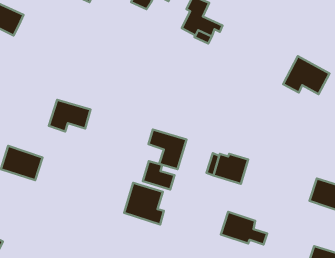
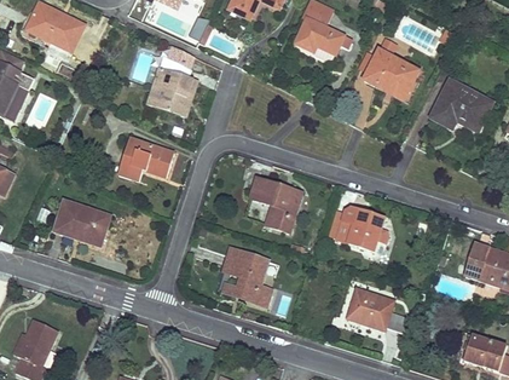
building: none -> [364,50,420,99]
building: none -> [148,54,198,116]
building: [143,161,175,189] -> none

